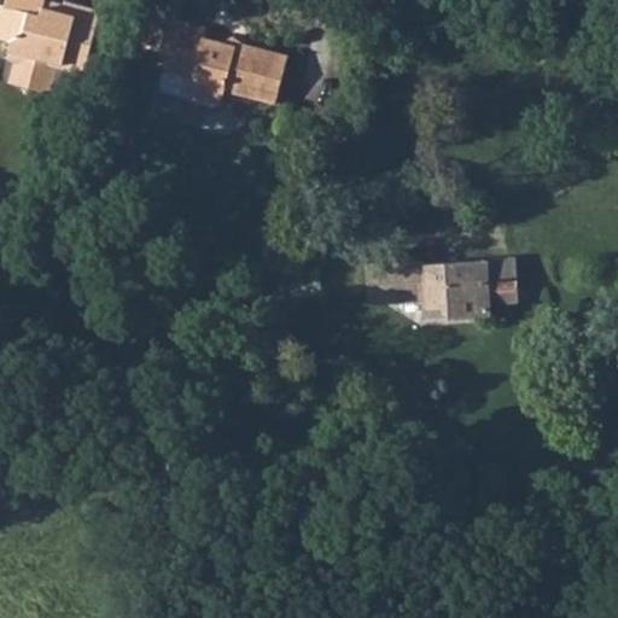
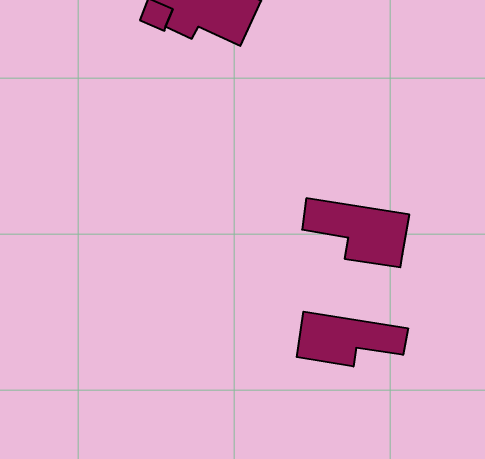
building: [489,260,518,305] -> none
building: none -> [297,312,408,367]

